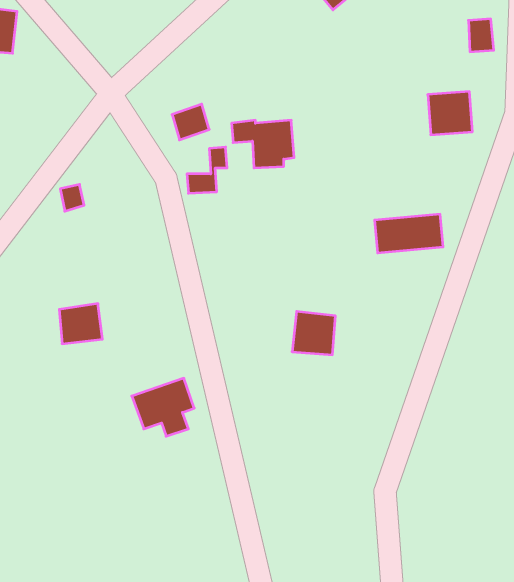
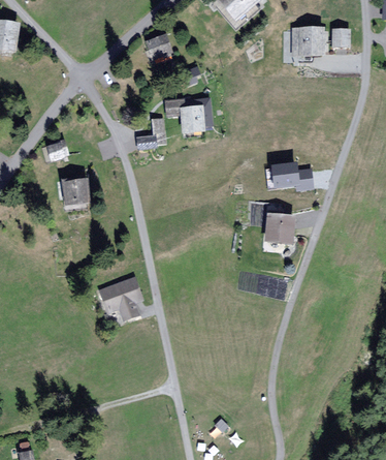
building: [428,92,472,135] -> [291,27,322,57]
building: [172,104,209,140] -> [144,34,170,59]
building: [59,304,102,344] -> [63,177,93,205]
building: [292,311,335,355] -> [265,214,295,244]

